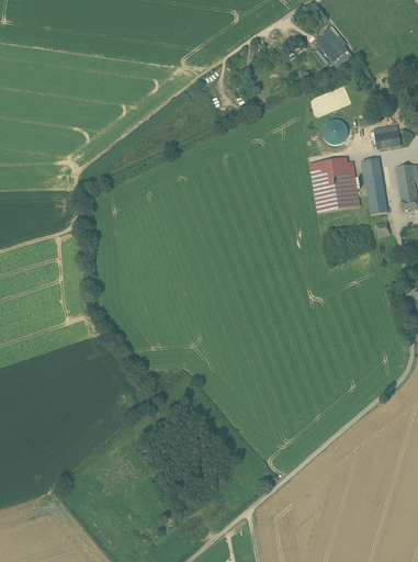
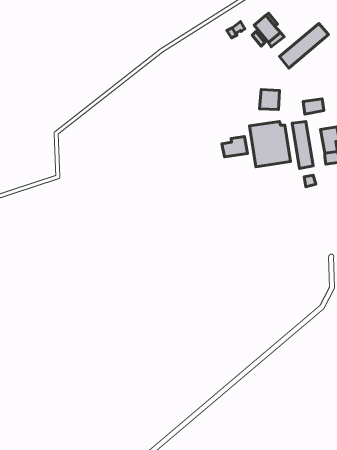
building: none -> [280,24,329,68]
building: none -> [222,136,248,157]

